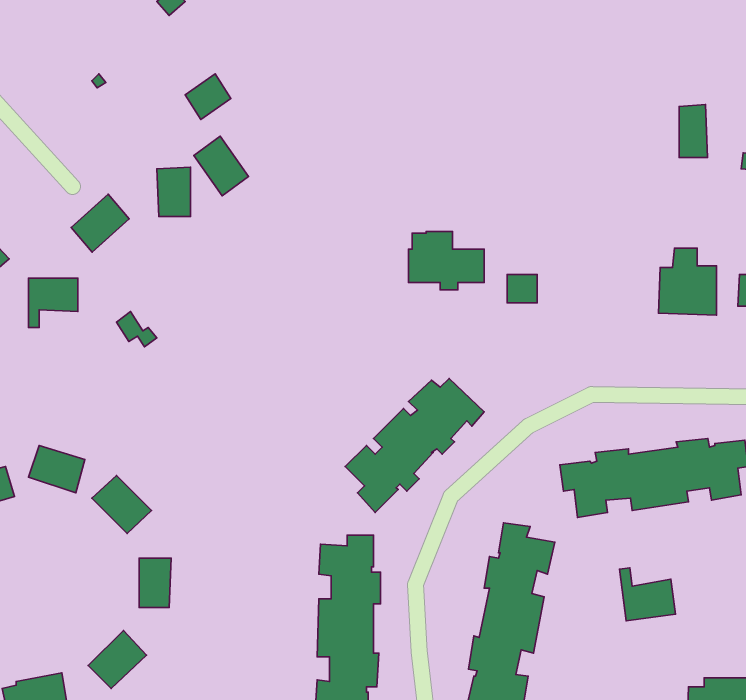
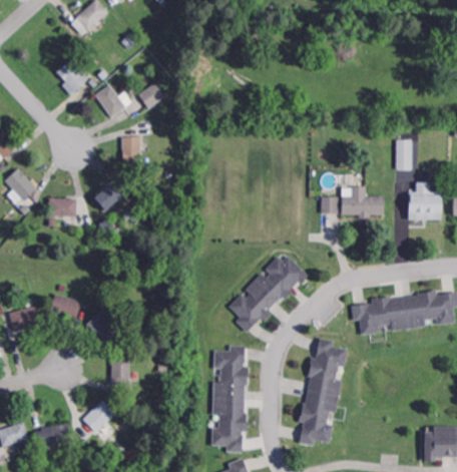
building: none -> [55,59,87,92]
building: [679,105,707,157] -> [394,138,410,168]
building: [194,136,248,196] -> [93,85,124,119]
building: [71,194,129,252] -> [92,179,125,212]
building: [409,232,484,290] -> [341,184,384,217]
building: [619,568,675,621] -> none

